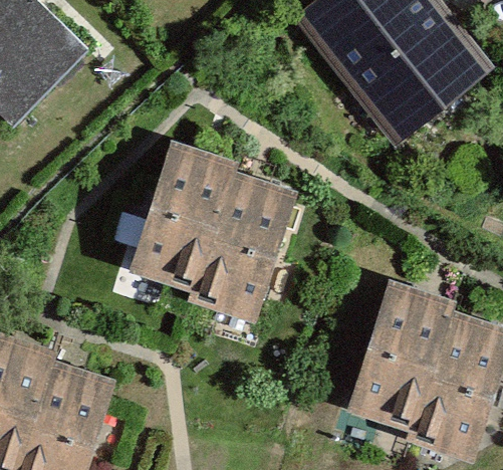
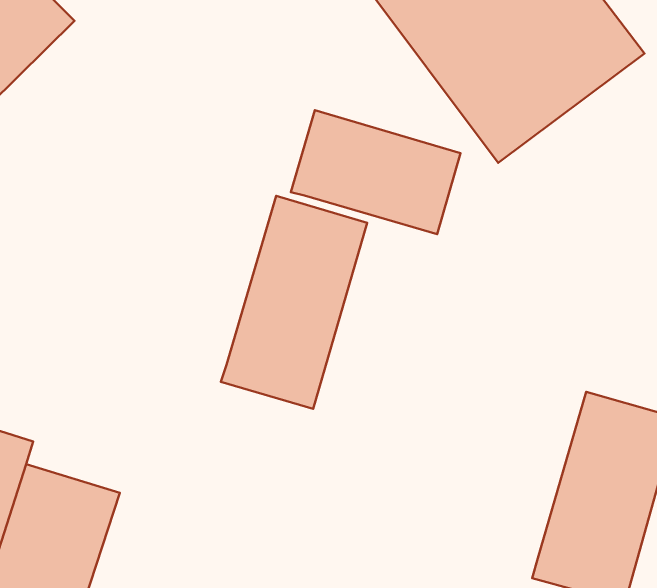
building: none -> [291,110,460,234]
building: [133,143,234,292] -> none
building: [350,278,454,429] -> none

